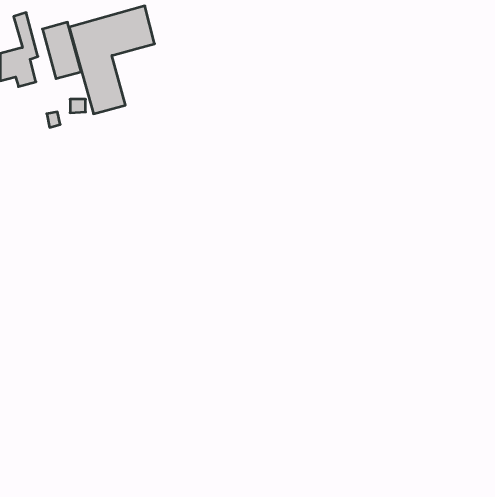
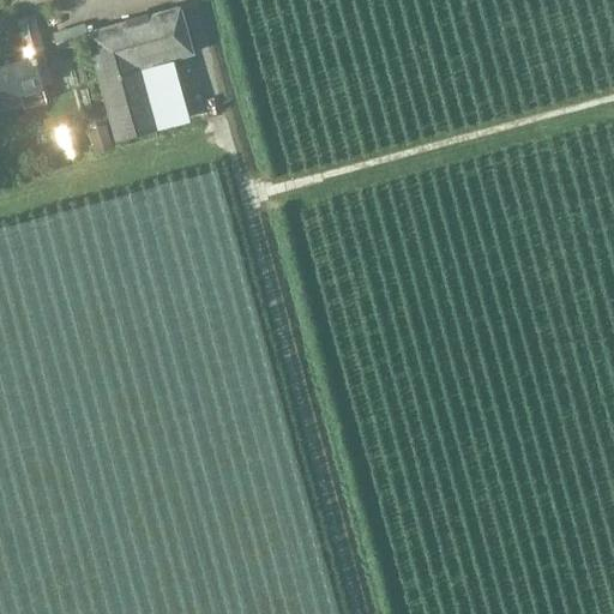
building: [42,22,81,79] -> [140,60,188,130]

